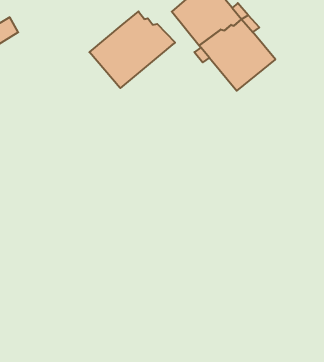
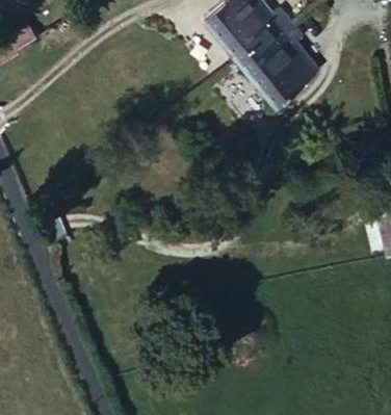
building: [89,11,175,88] -> none

